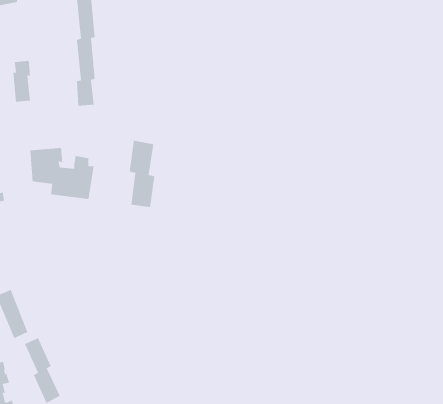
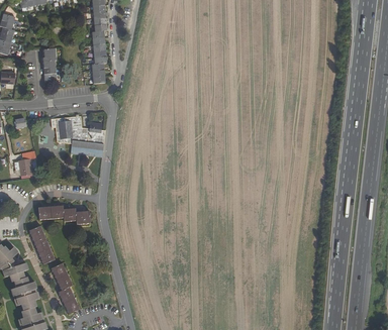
building: [129,140,155,208] -> none
building: none -> [37,205,89,223]

